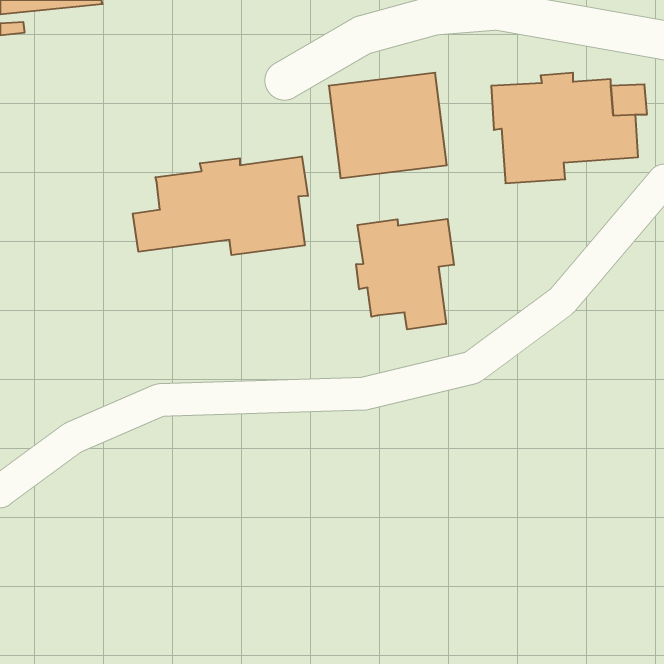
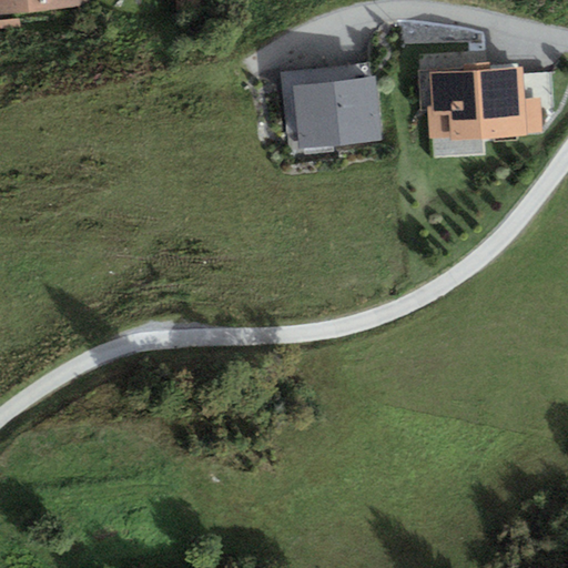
building: [133,156,308,255] -> none
building: [356,219,454,329] -> none

